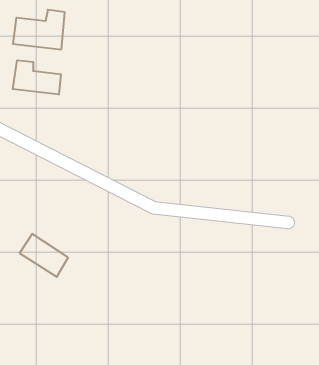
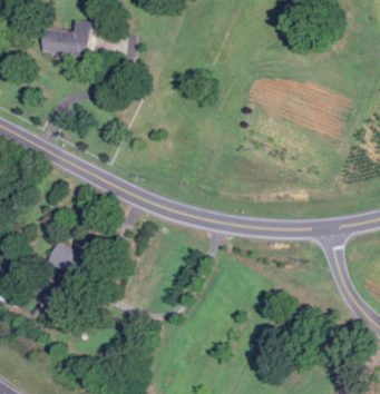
building: [13,60,61,95] -> none

